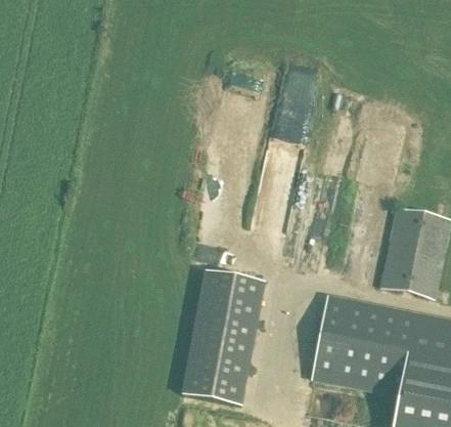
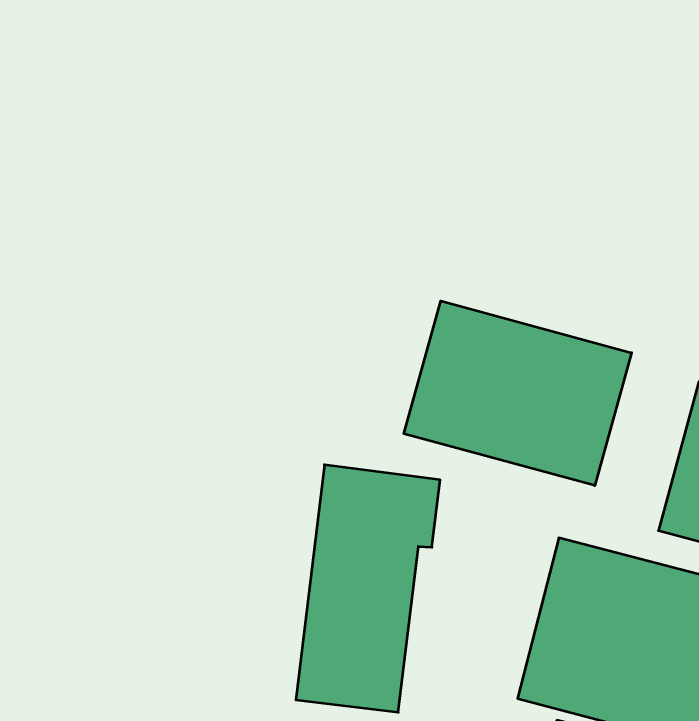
building: none -> [404,301,632,486]

